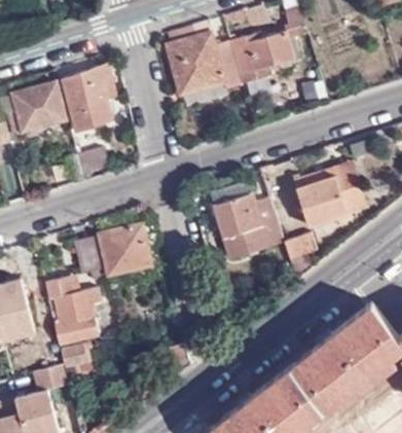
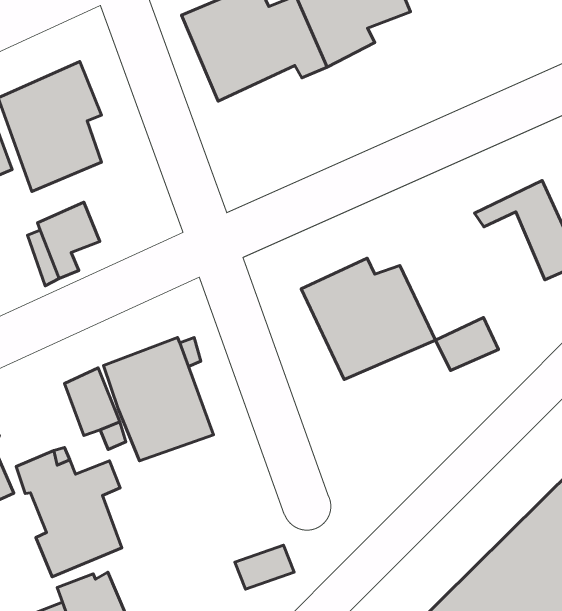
building: [293,175,348,229] -> none

